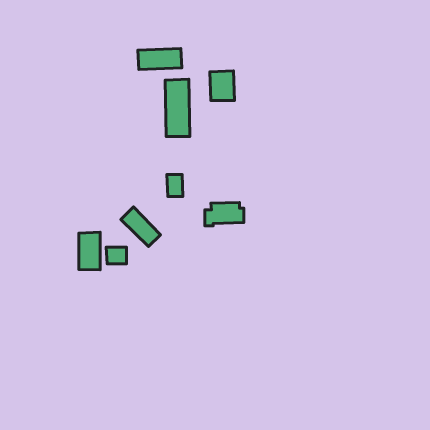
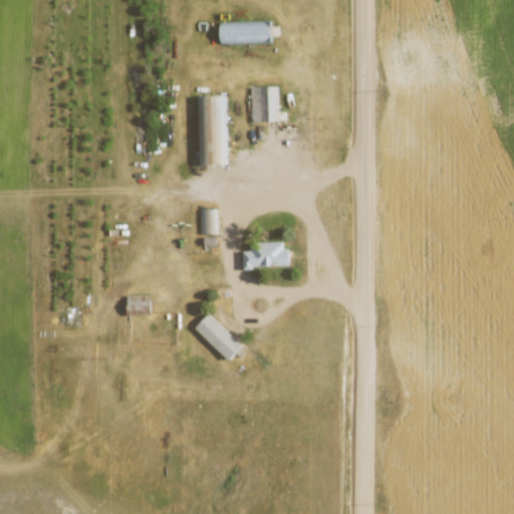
building: [138,48,182,69] -> [220,19,272,44]
building: [121,207,160,247] -> [196,313,243,360]
building: [79,232,100,270] -> none

